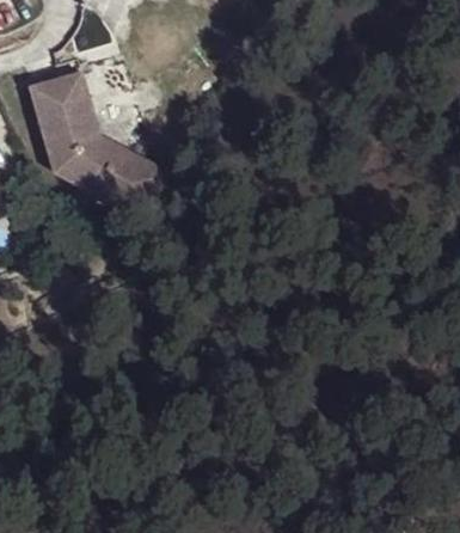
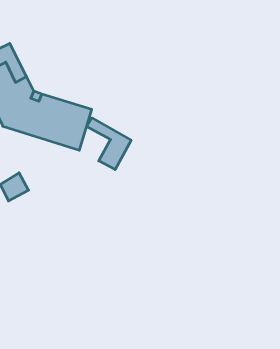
building: none -> [87,118,131,170]

